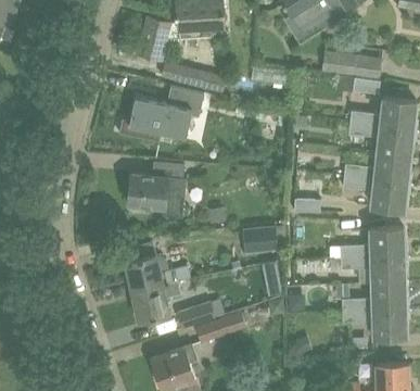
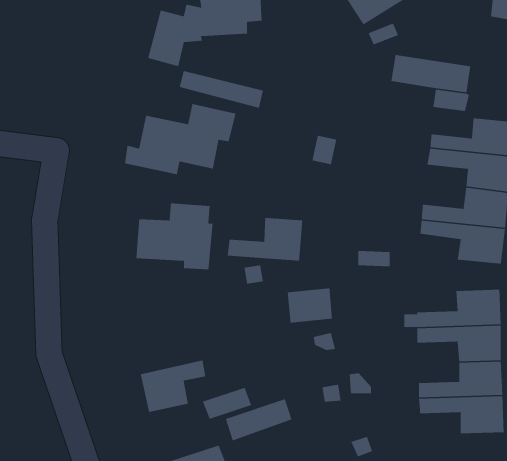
building: none -> [227,217,303,262]
building: [125,254,179,291] -> none

